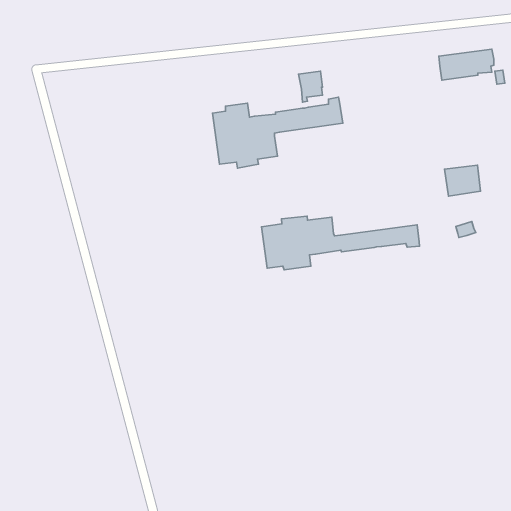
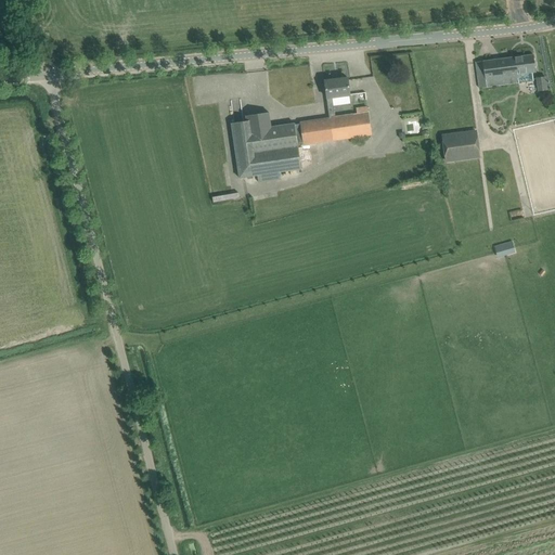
building: [444,165,481,196] -> [440,129,479,163]
building: [261,216,420,270] -> none

